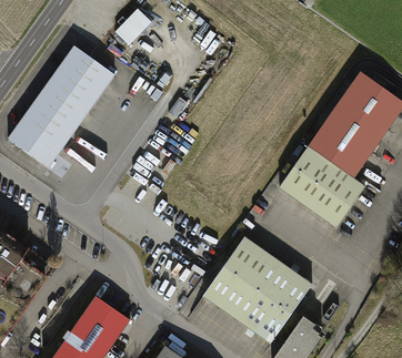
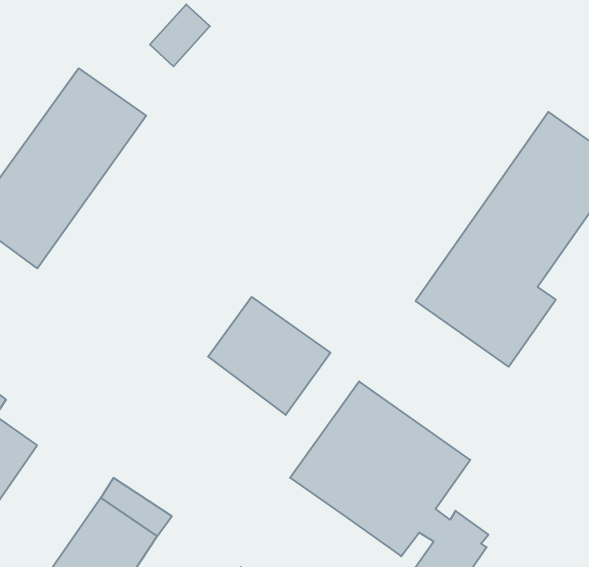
building: none -> [208,297,330,415]

